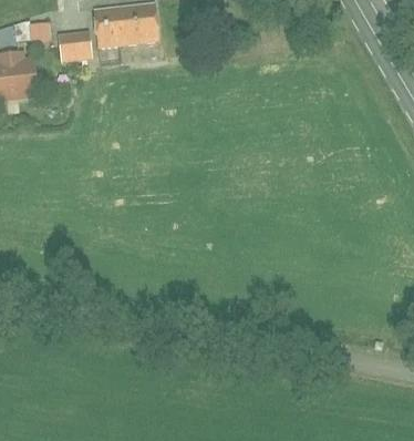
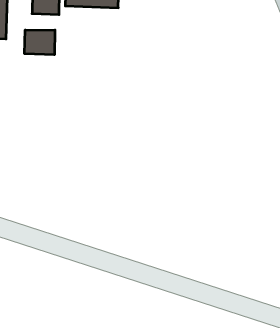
building: none -> [25,30,55,55]

